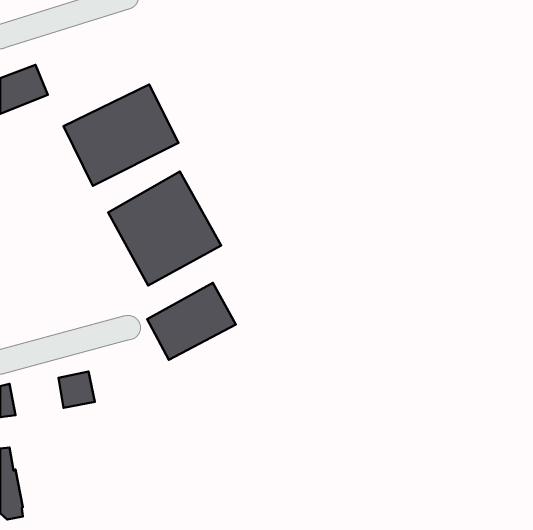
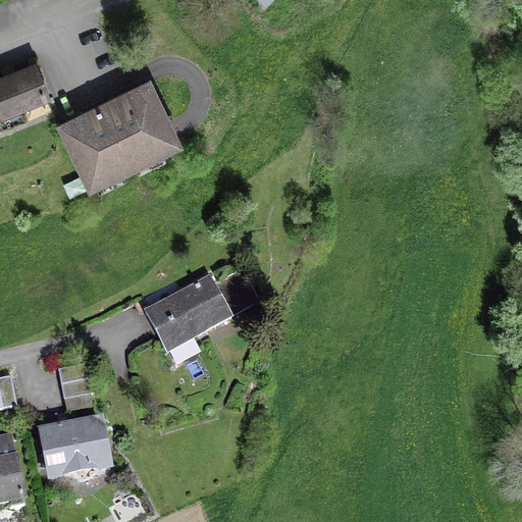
building: [108,171,221,286] -> none
building: none -> [41,420,107,477]

